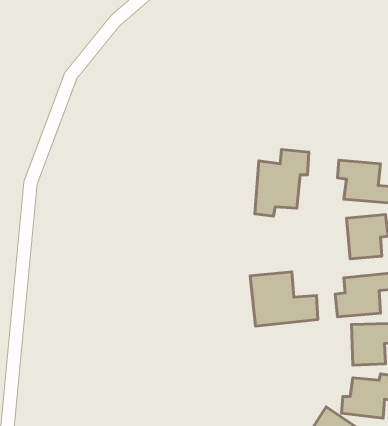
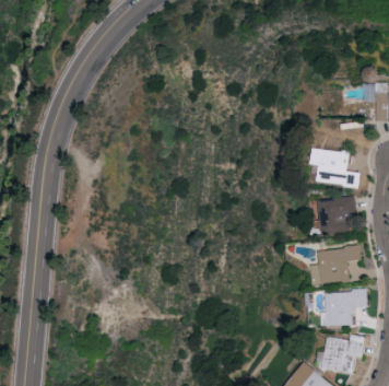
building: [255,150,309,216] -> none
building: [250,272,318,326] -> none

